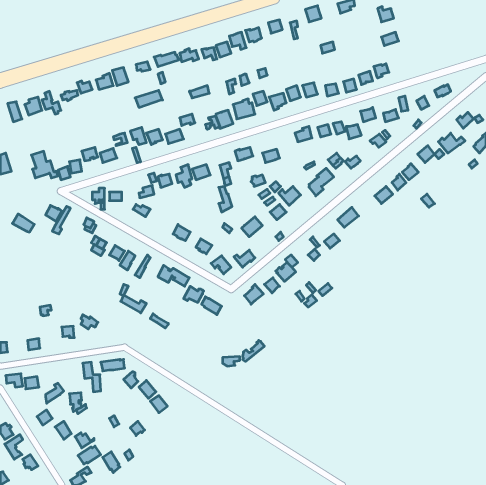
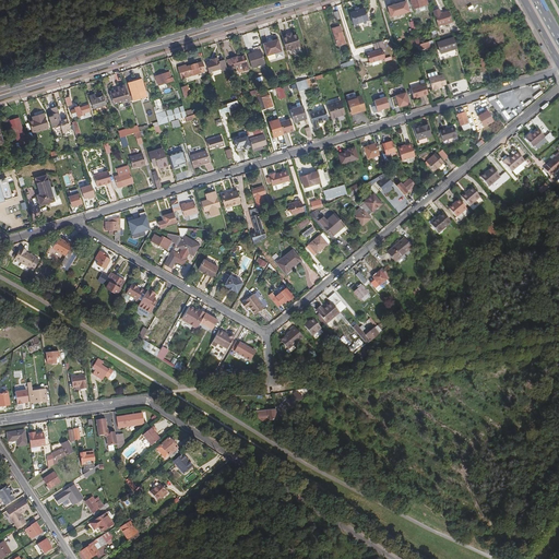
building: none -> [164,235,198,267]

